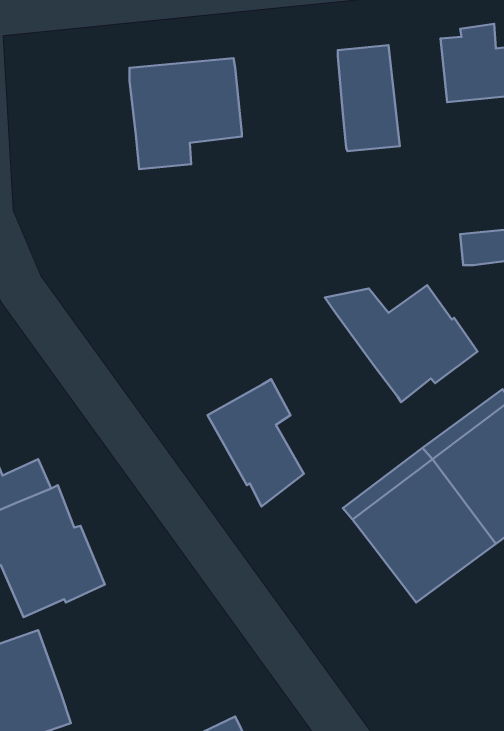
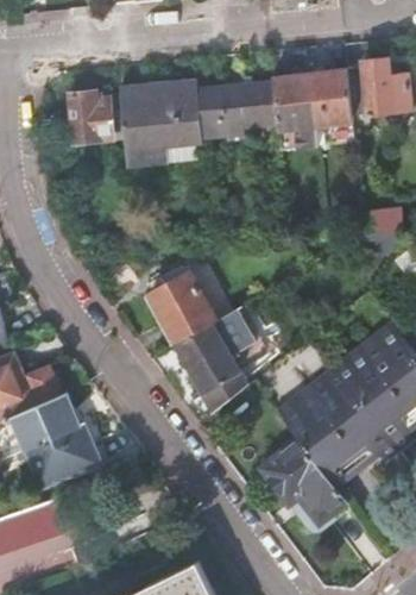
building: none -> [310,68,354,125]
building: none -> [198,81,277,137]
building: none -> [70,93,113,142]
building: [325,285,478,402] -> none
building: none -> [145,267,219,346]
building: none -> [263,439,348,530]

